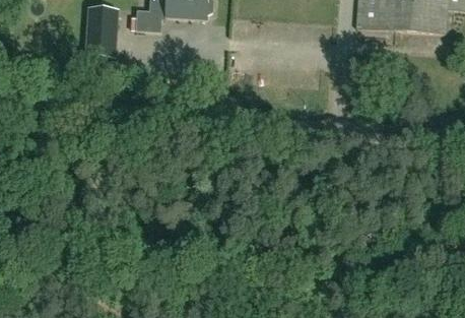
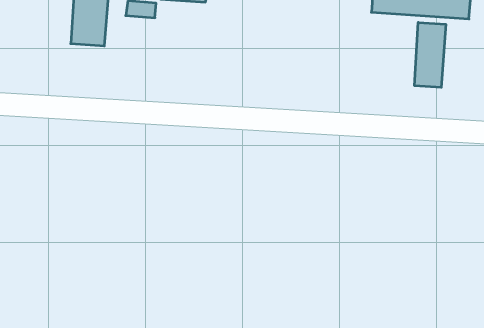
building: none -> [415,22,446,87]

